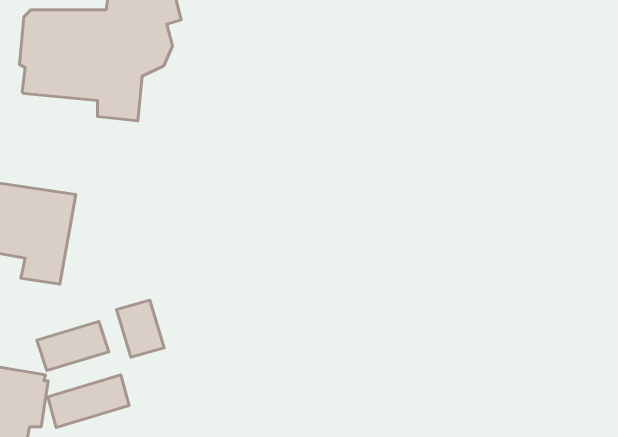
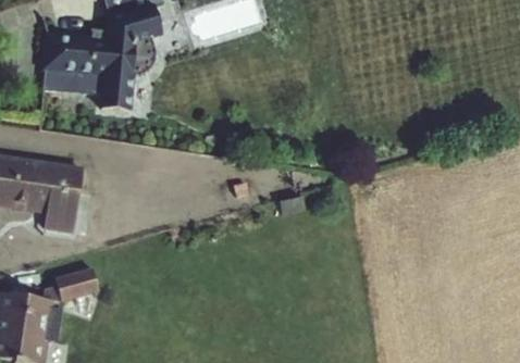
building: [117,300,164,357] -> none
building: [48,375,129,427] -> none

